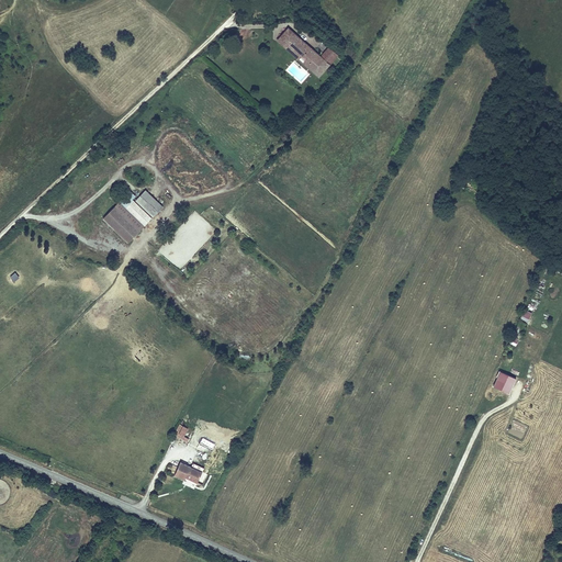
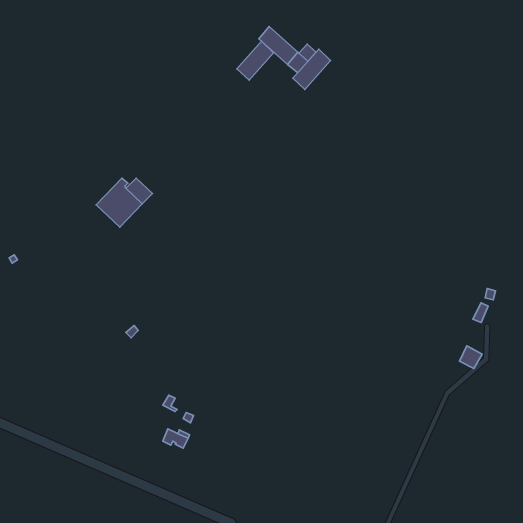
building: none -> [237,41,274,80]
building: none -> [293,49,331,89]

